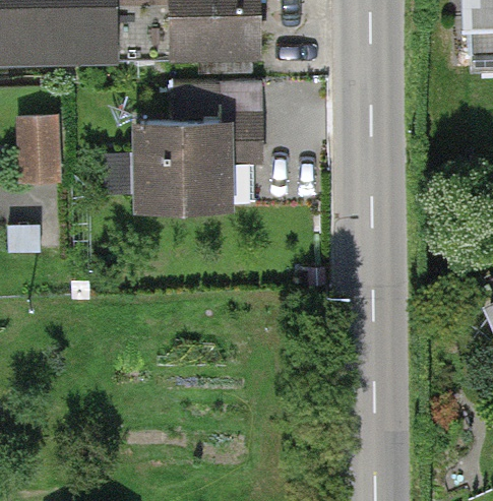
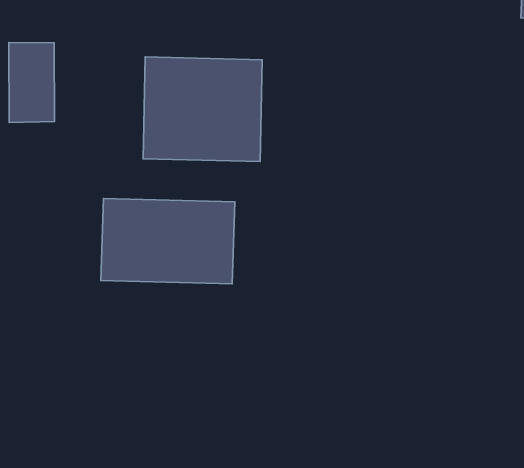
building: none -> [101,199,235,284]

